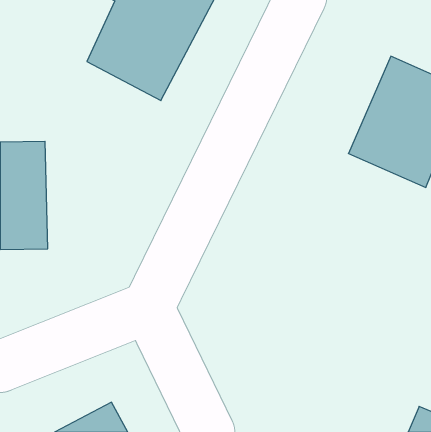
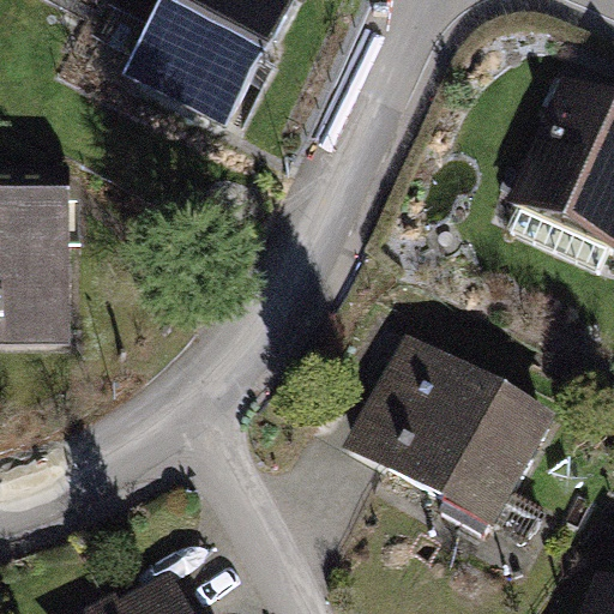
building: none -> [344,330,544,518]

